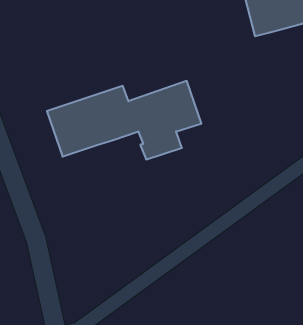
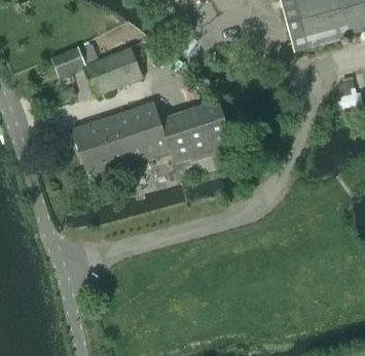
building: none -> [51,46,142,94]

